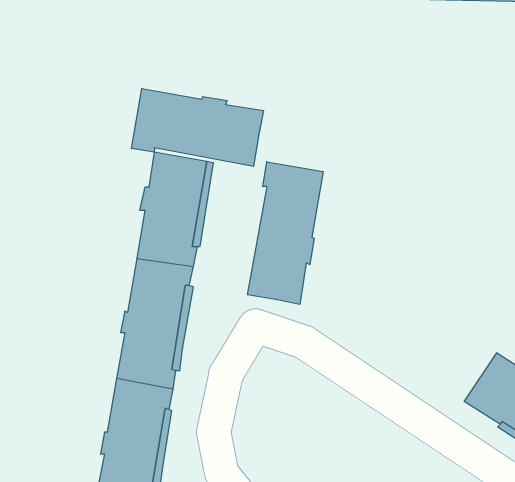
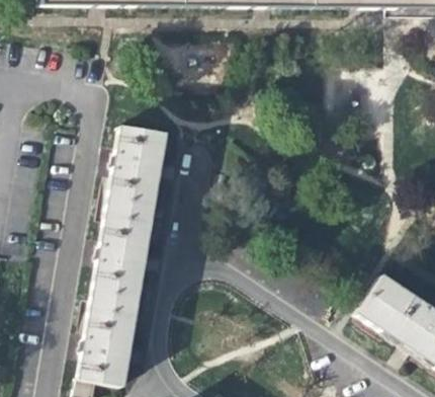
building: [132,88,264,166] -> none
building: [247,162,323,304] -> none

